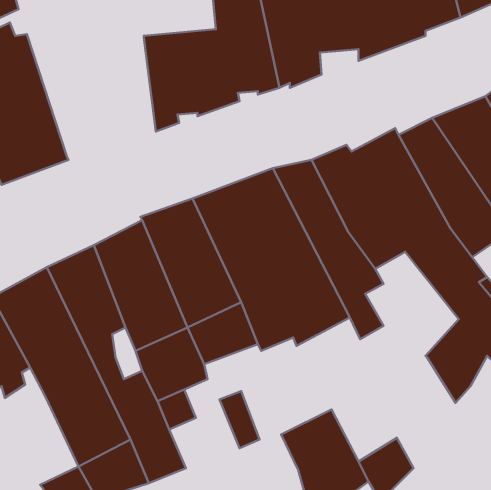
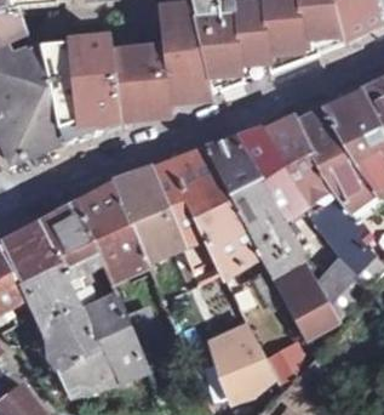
building: none -> [27,41,120,137]
building: none -> [268,229,337,343]

